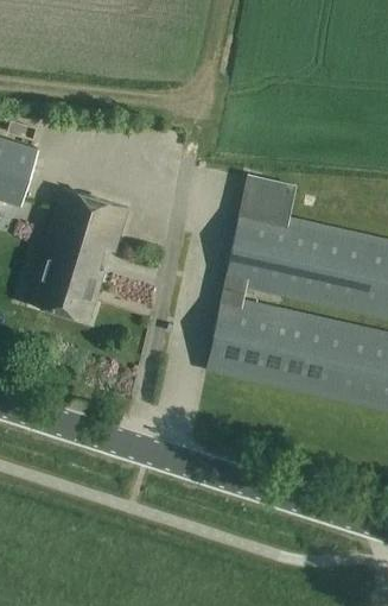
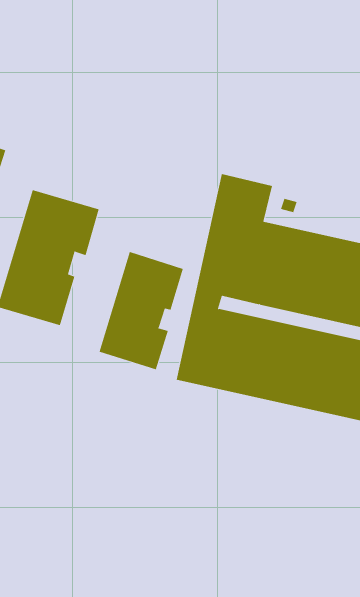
building: none -> [99,251,183,370]

